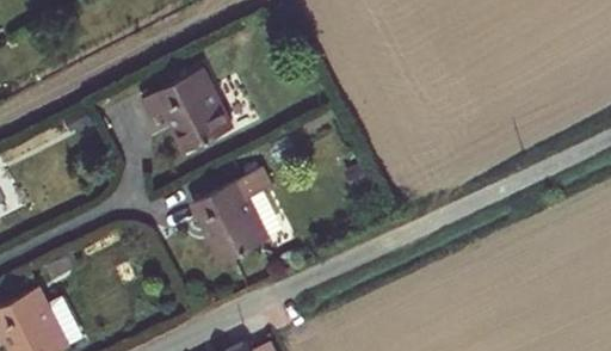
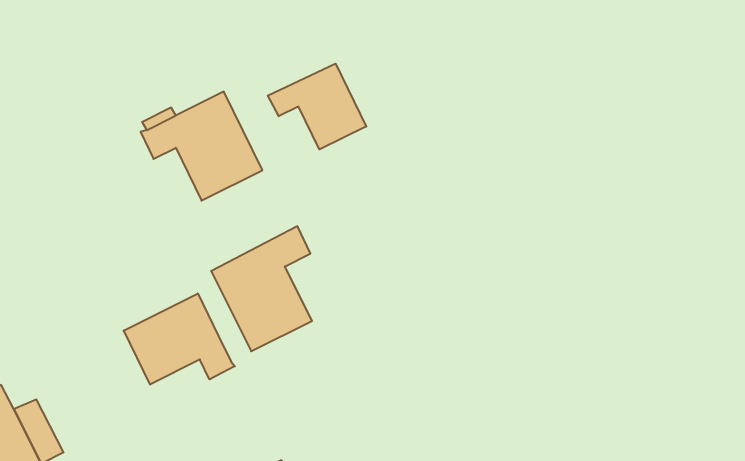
building: none -> [268,64,366,149]
building: none -> [124,293,235,385]

